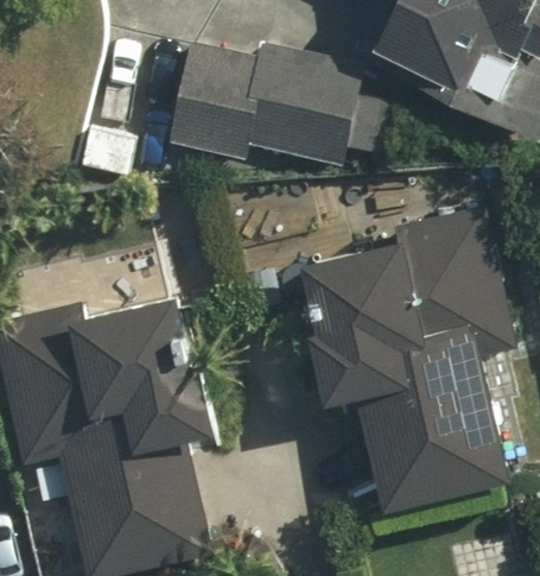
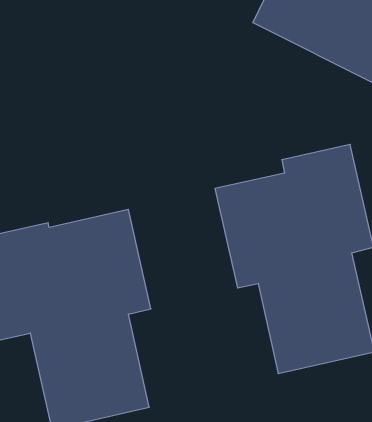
building: [158,37,360,164] -> none

